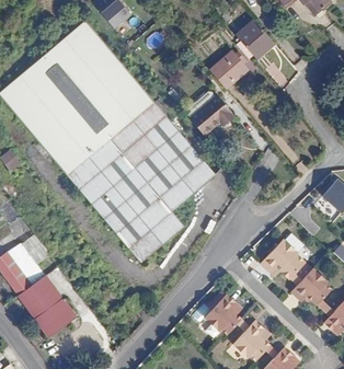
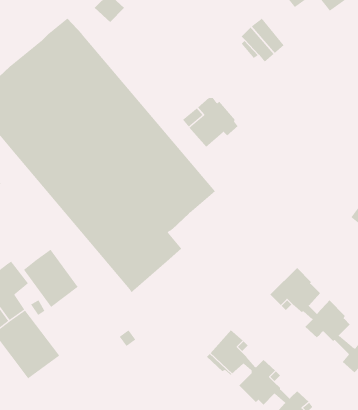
building: [209,53,248,90] -> none
building: none -> [23,249,79,308]

